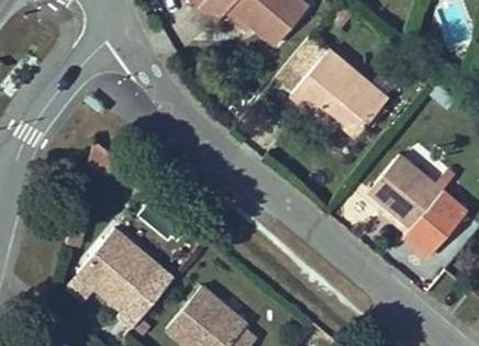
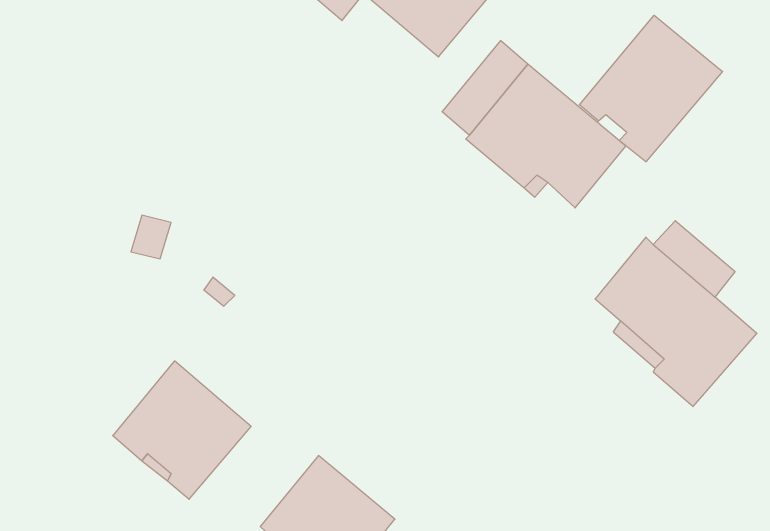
building: none -> [579,15,723,162]

